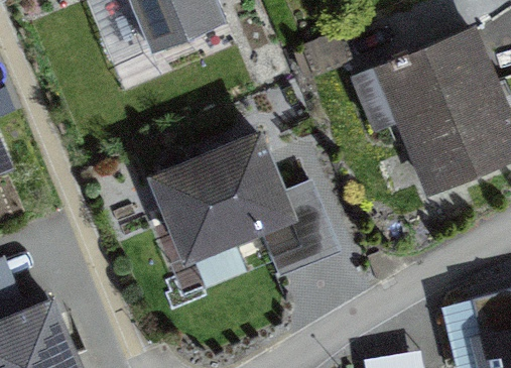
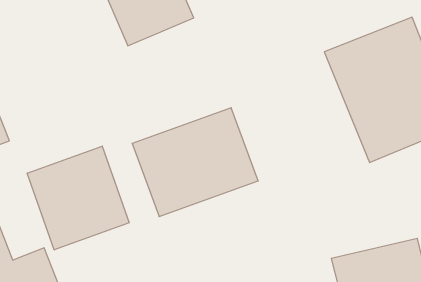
building: none -> [27,146,129,250]

